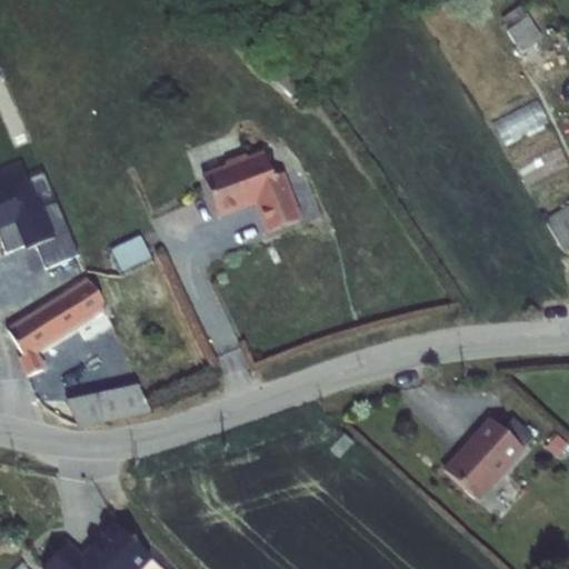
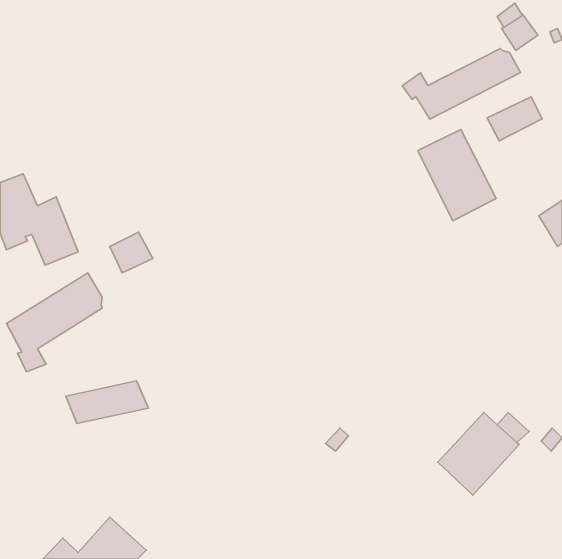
building: none -> [402,48,521,119]
building: none -> [418,130,496,221]
building: [202,149,301,231] -> none

